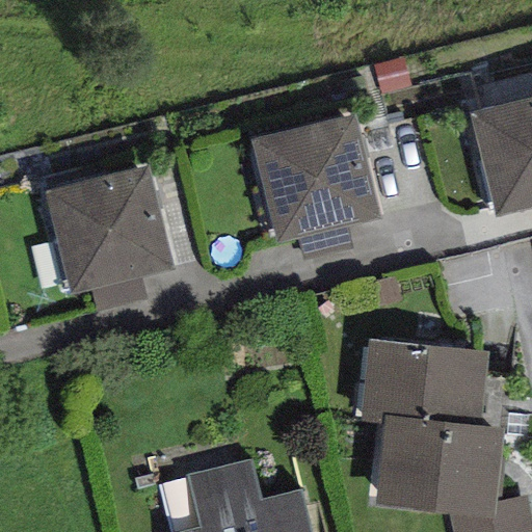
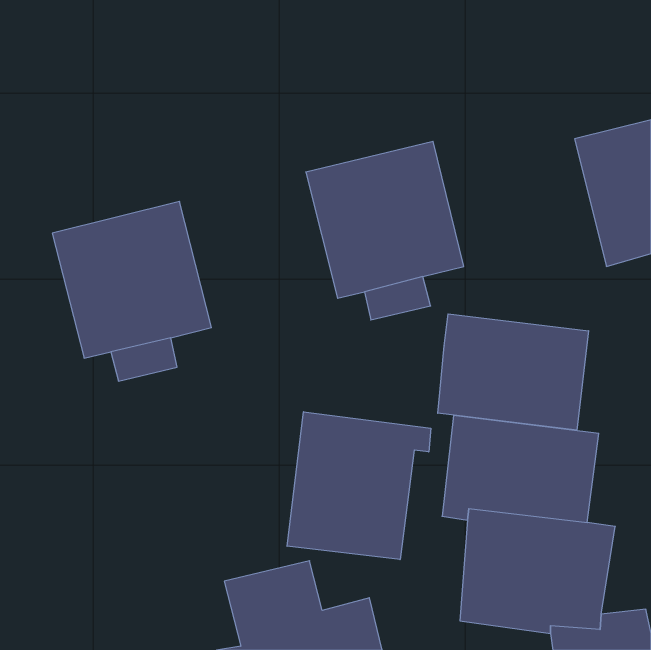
building: none -> [438,314,589,430]
building: none -> [287,412,431,560]

